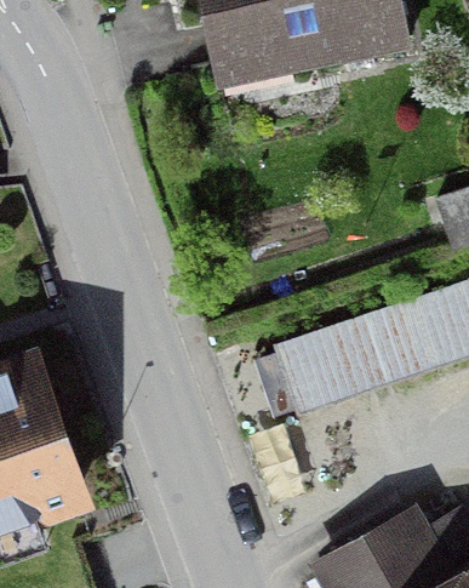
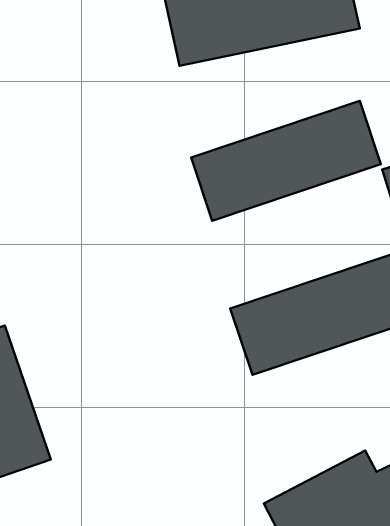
building: none -> [191,101,381,221]

